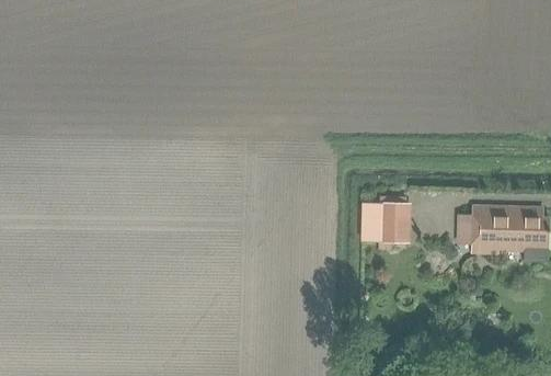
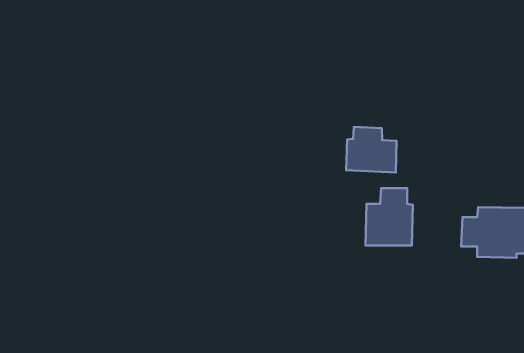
building: none -> [346,127,397,173]

